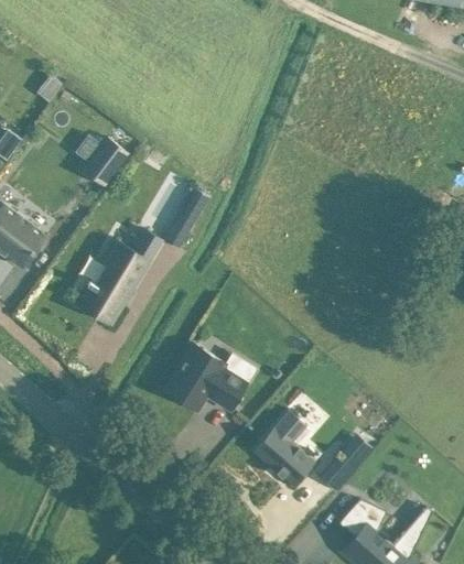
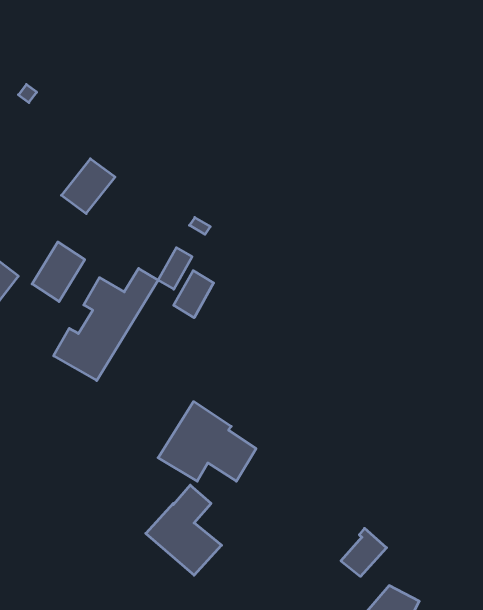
building: none -> [32,242,85,302]
building: none -> [174,271,214,318]
building: [250,410,314,486] -> [146,485,222,575]

